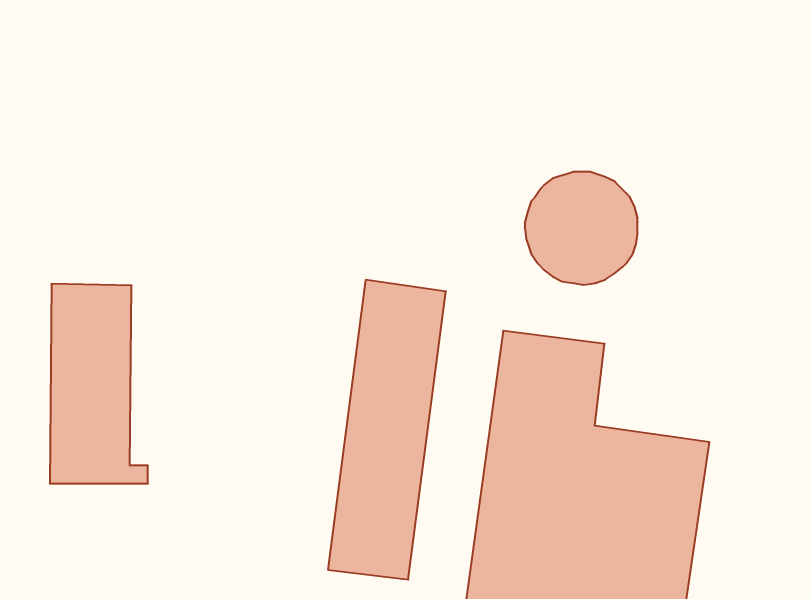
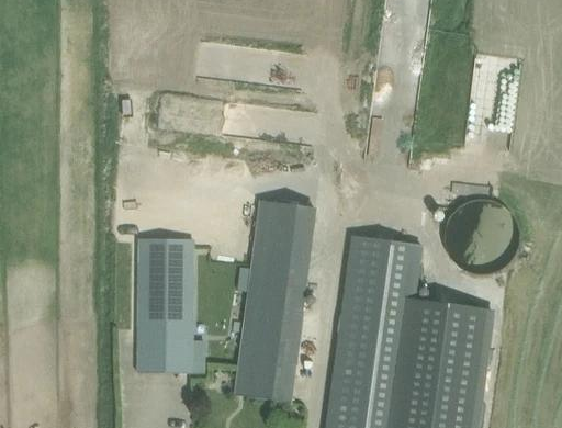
building: [525,172,638,285] -> [443,199,519,274]
building: [50,284,148,484] -> [137,240,203,374]

